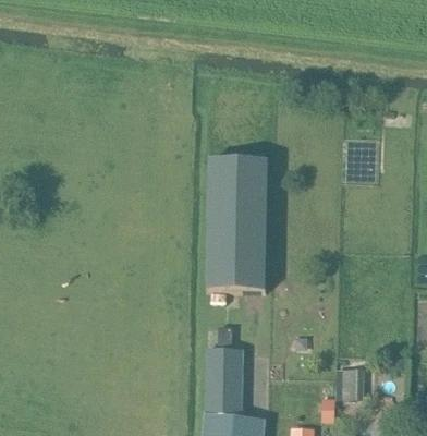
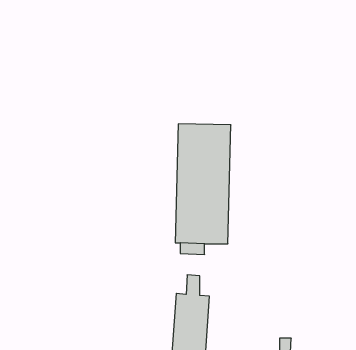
building: [342,370,365,400] -> none

